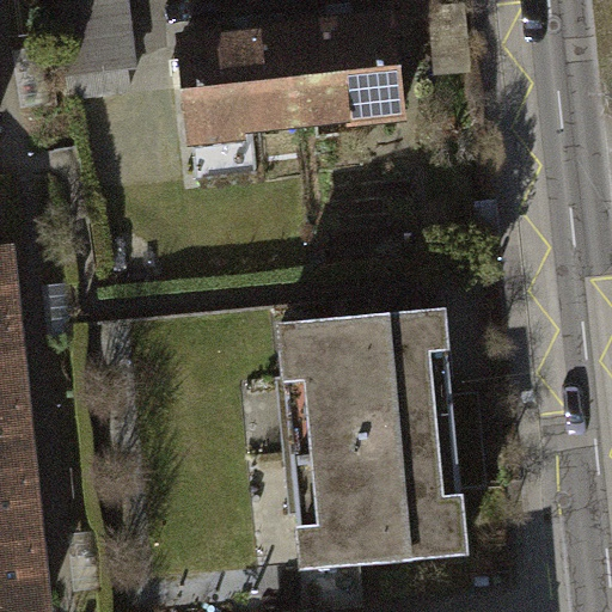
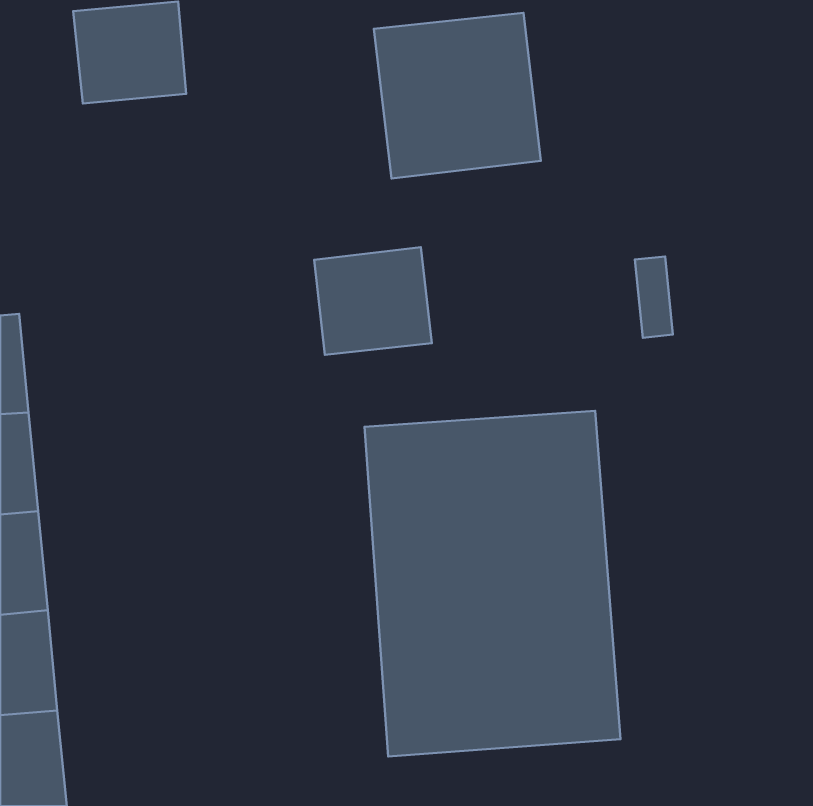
building: [167,22,294,146] -> none
building: none -> [314,247,432,355]

